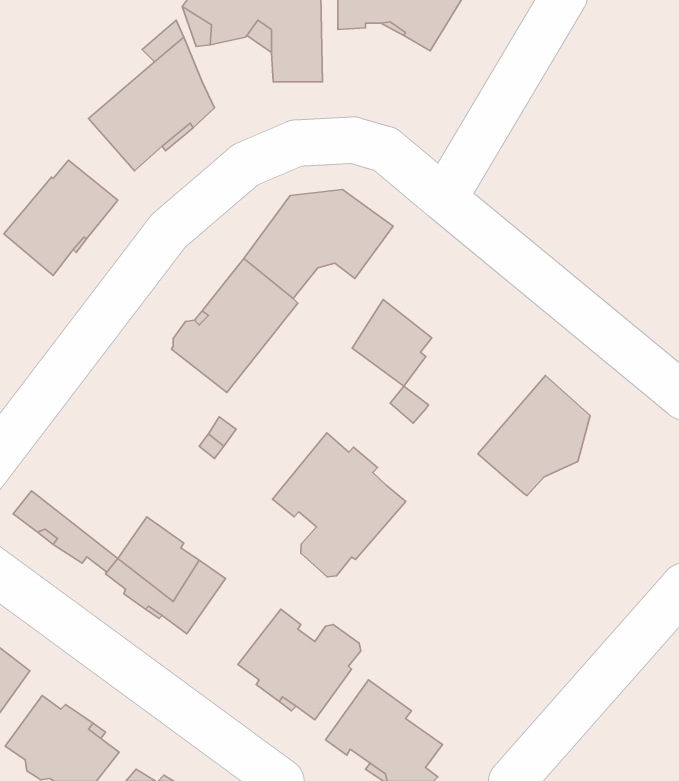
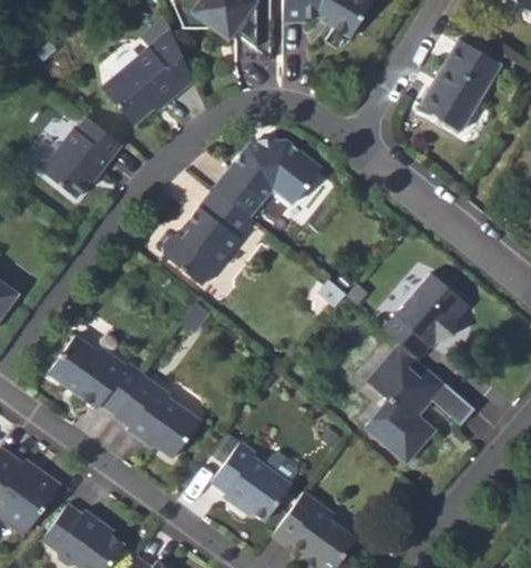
building: none -> [421,33,506,124]
building: [352,299,432,386] -> none
building: [273,433,406,577] -> none
building: none -> [61,335,144,405]
building: none -> [365,344,474,463]

